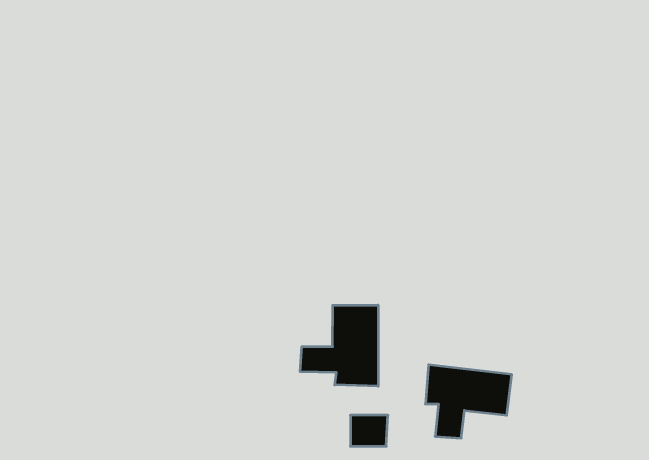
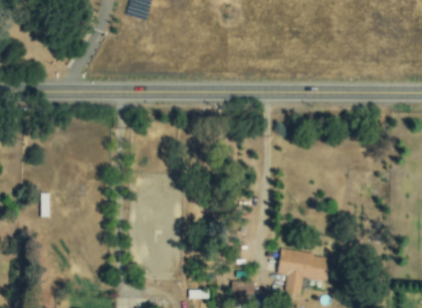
building: [300,305,378,386] -> none

